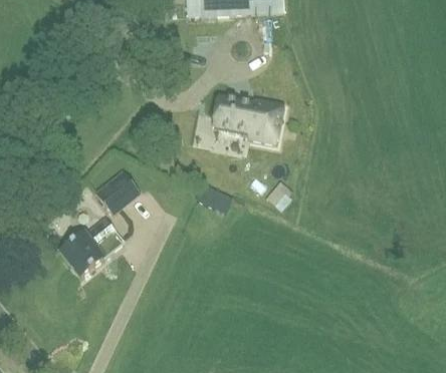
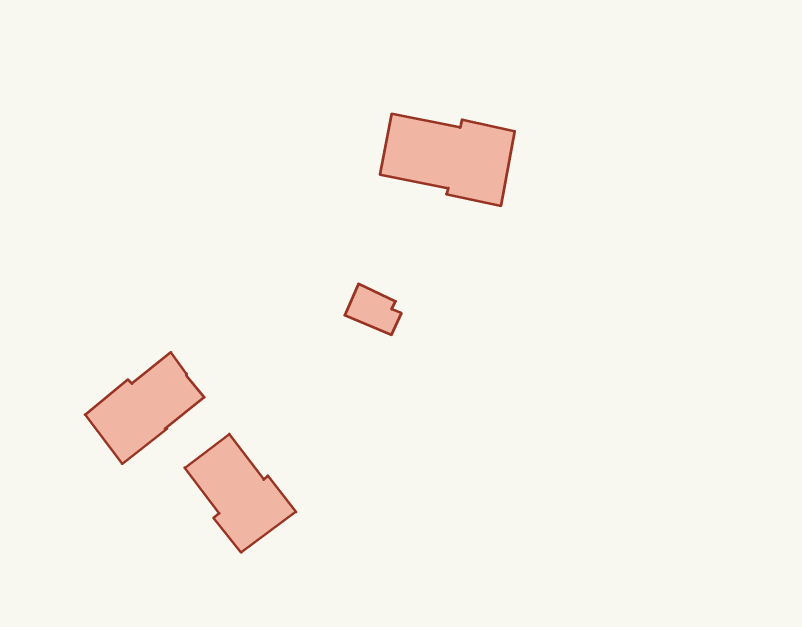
building: [93,169,139,214] -> none
building: none -> [185,434,296,552]

